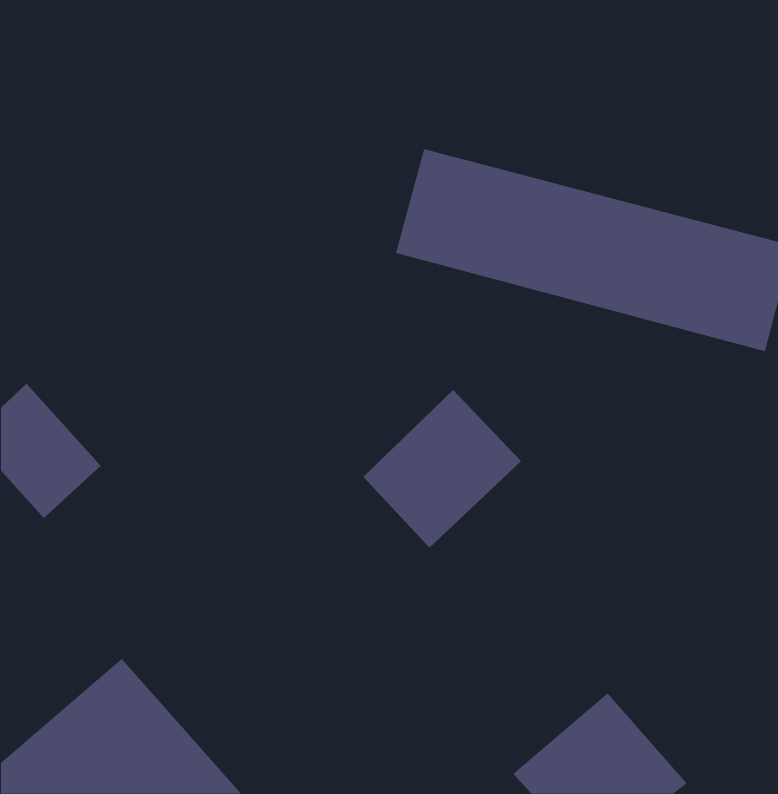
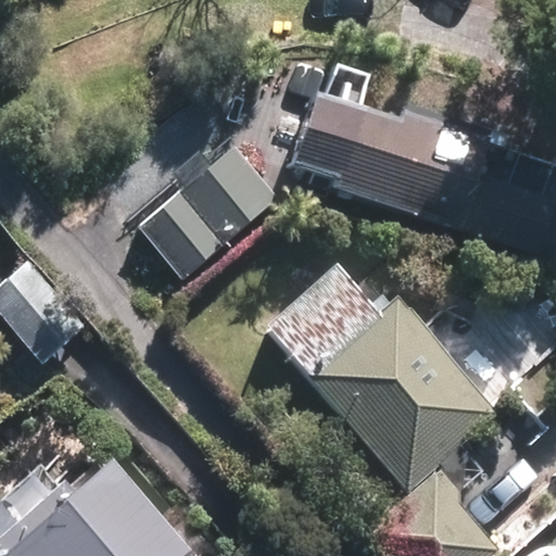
building: none -> [149,149,277,271]
building: none -> [318,311,491,483]

